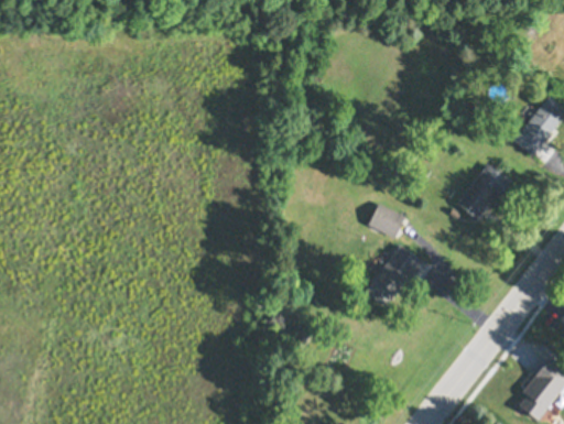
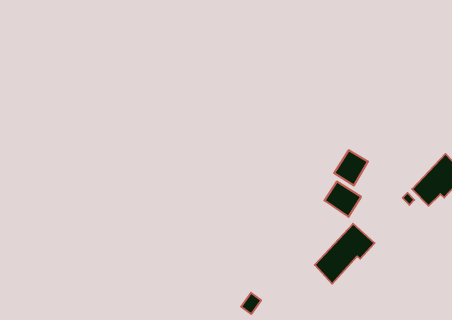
building: none -> [334,150,368,186]

